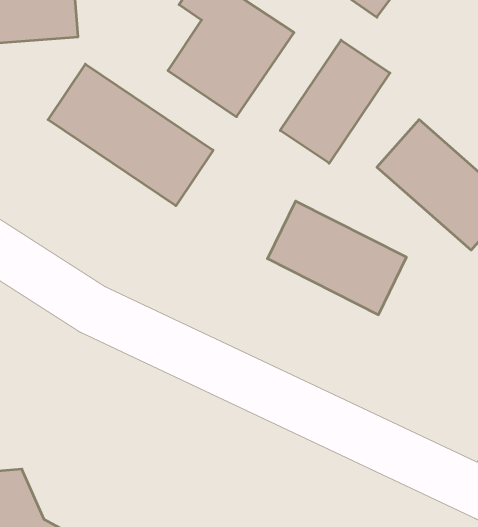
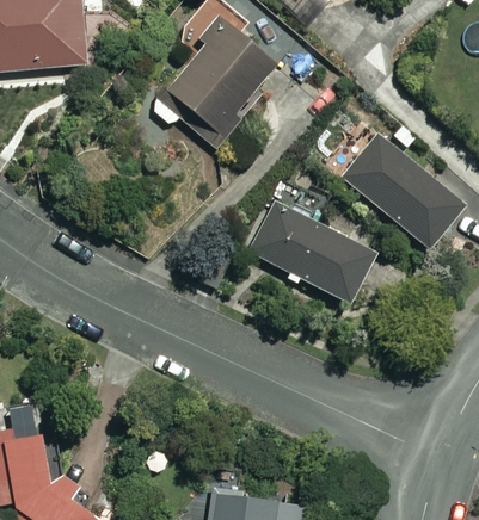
building: [280,40,390,163] -> none
building: [48,64,213,206] -> none

